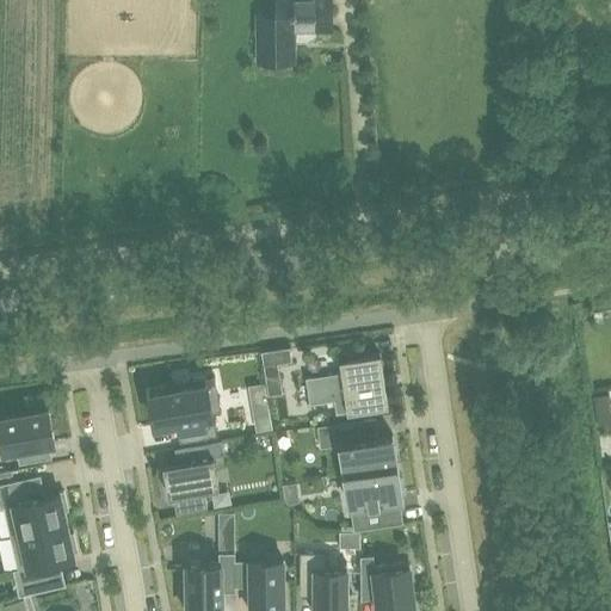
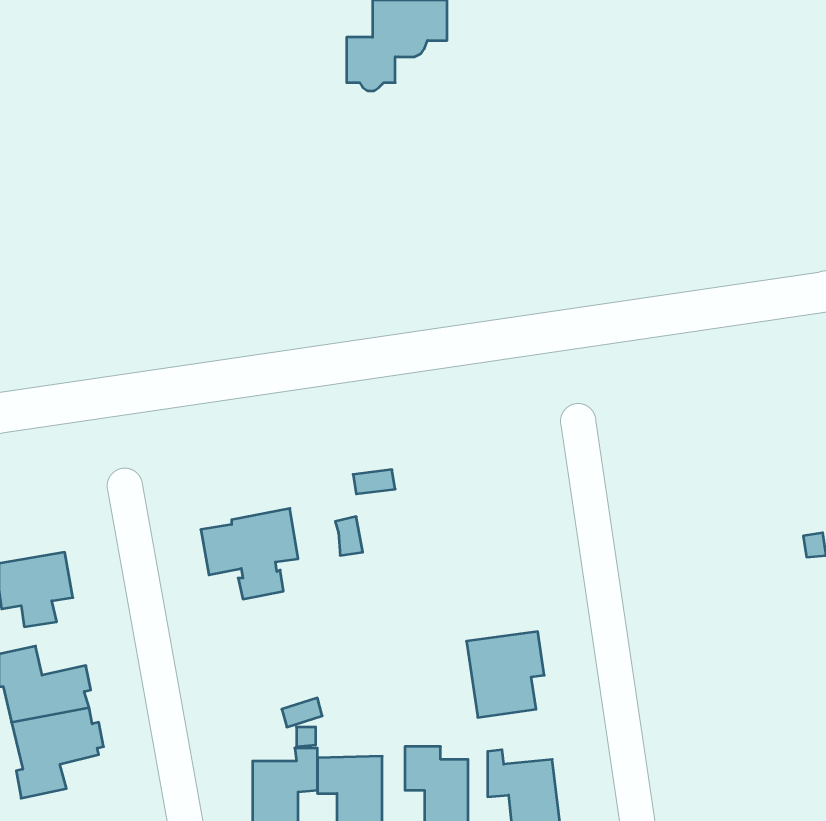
building: [304,357,387,416] -> none
building: [316,421,396,477] -> none
building: [161,444,223,513] -> none

